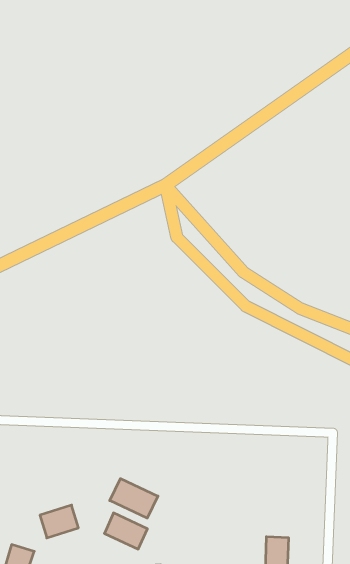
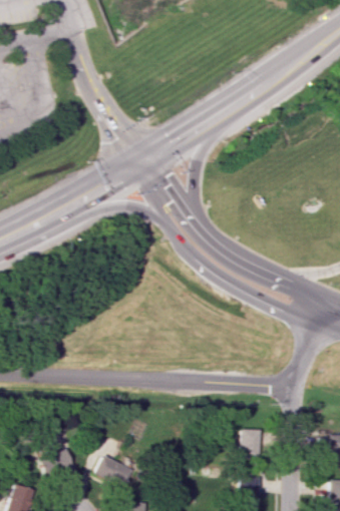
building: [110,479,158,518] -> none
building: none -> [243,430,263,457]

